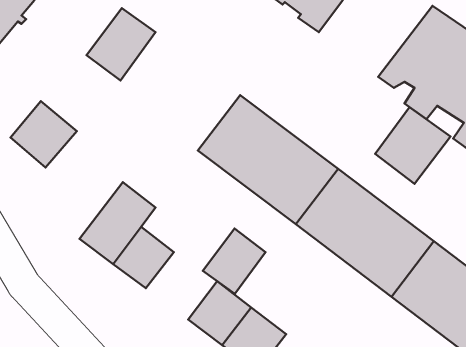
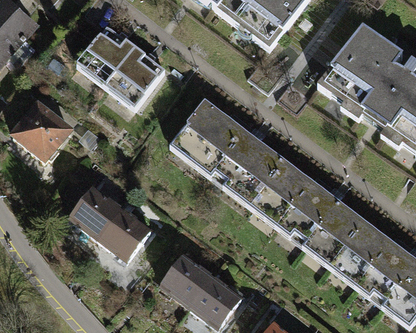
building: none -> [105,48,163,109]
building: [375,107,450,184] -> none
building: [203,229,265,294] -> none

